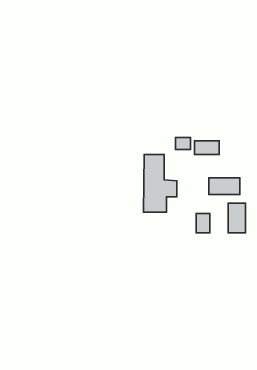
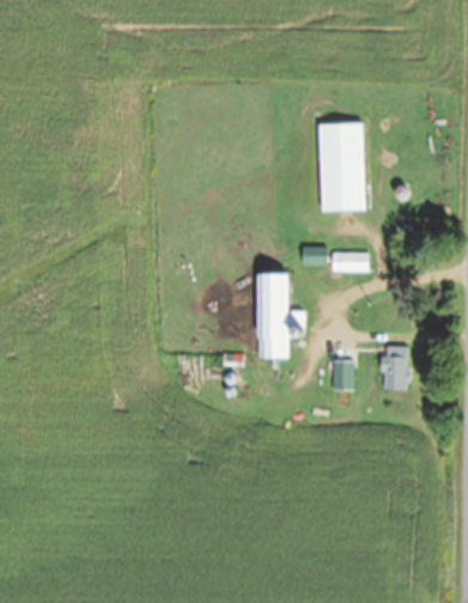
building: none -> [317,123,364,212]
building: [209,178,240,194] -> none

